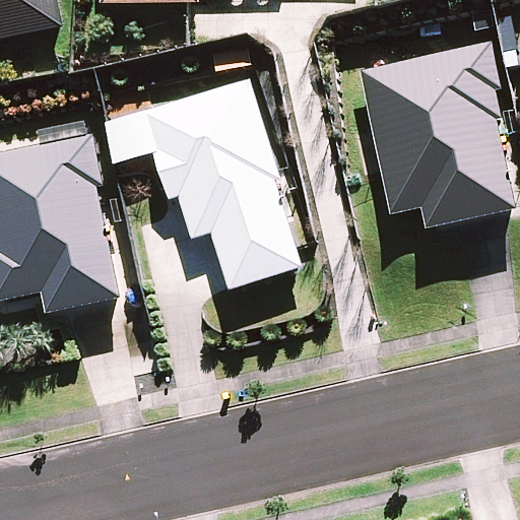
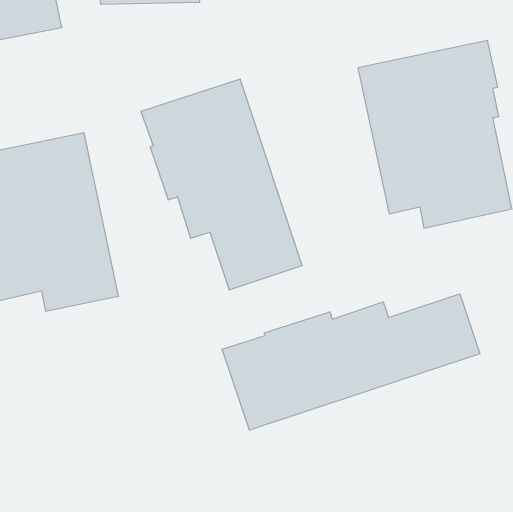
building: none -> [222,294,480,430]

